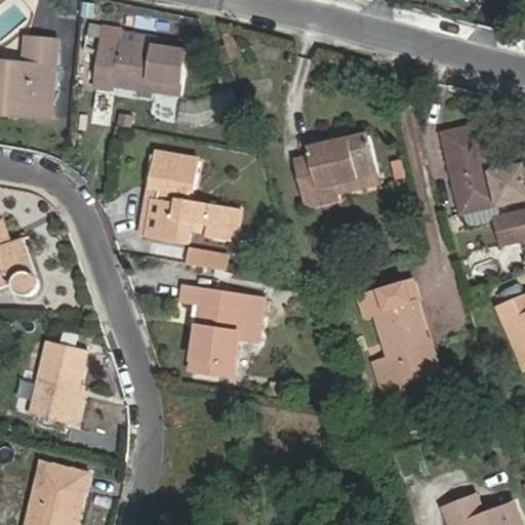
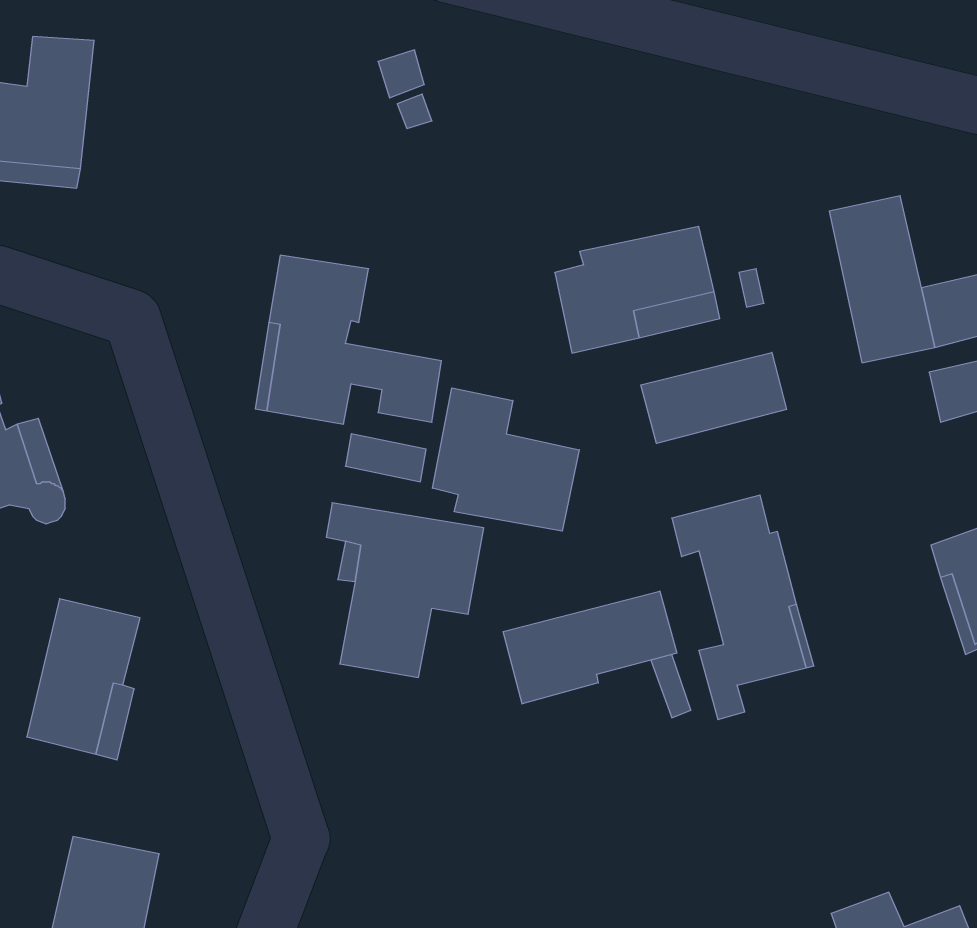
building: [93,36,184,90] -> none
building: none -> [641,352,787,443]
building: none -> [432,388,579,531]
building: none -> [503,591,677,704]

